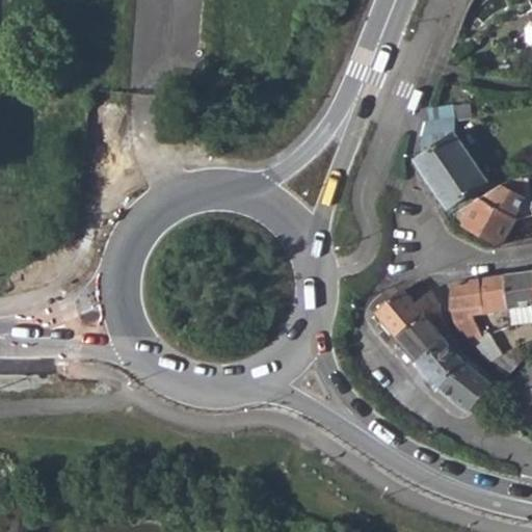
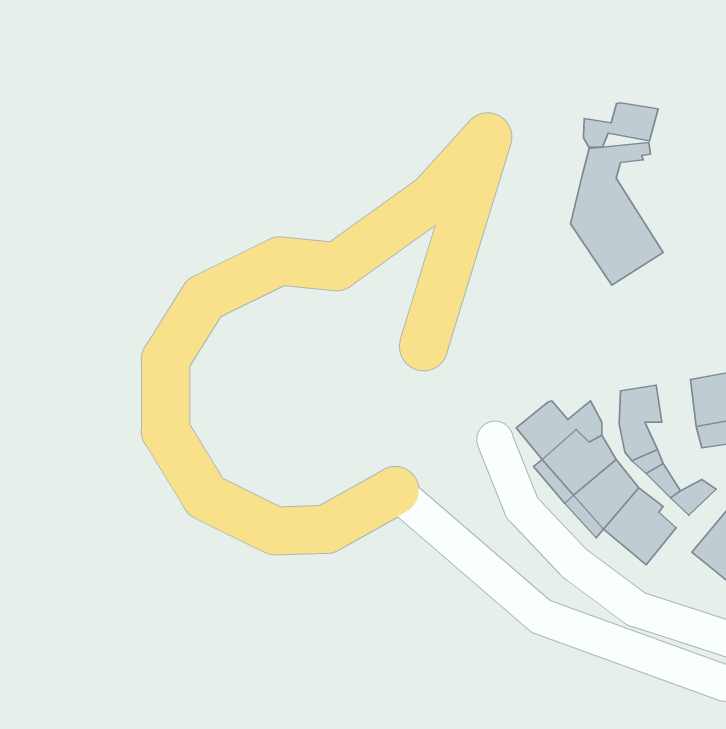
building: none -> [583,103,658,147]
building: [451,187,524,243] -> none
building: [480,276,509,315] -> none

